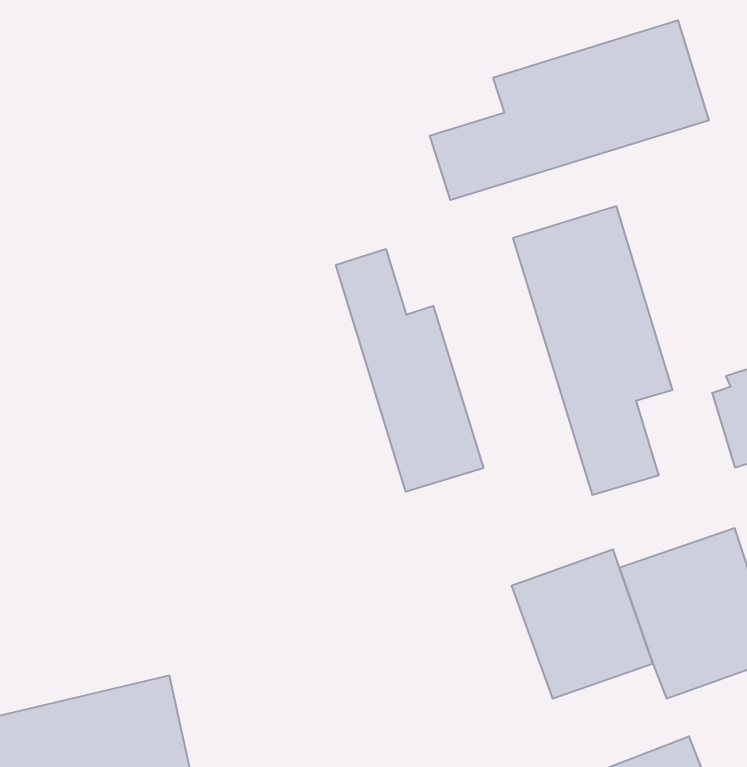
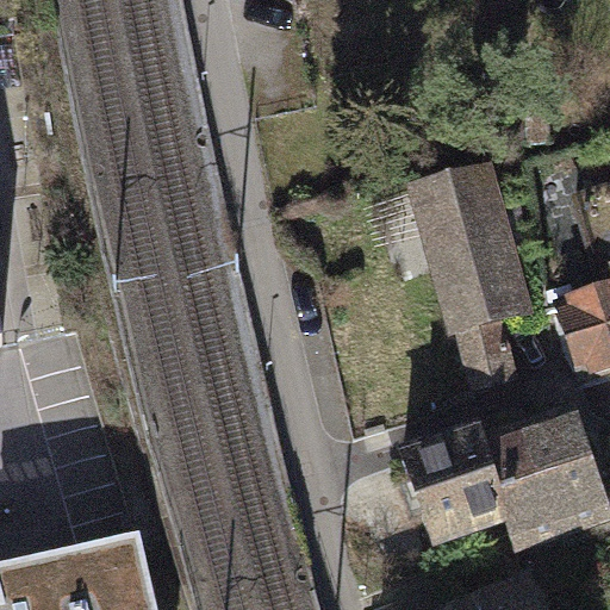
building: [430,20,709,200] -> none
building: [336,249,483,492] -> none

